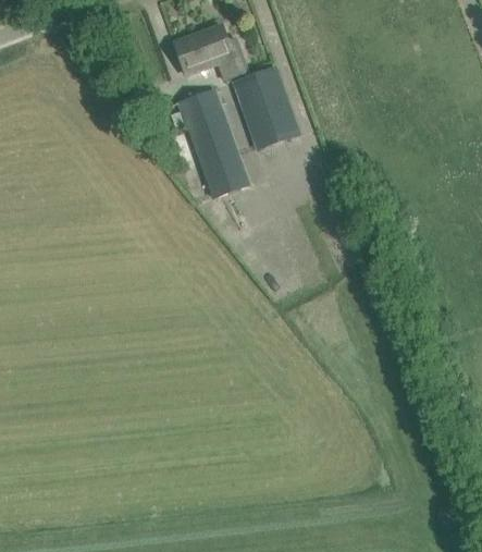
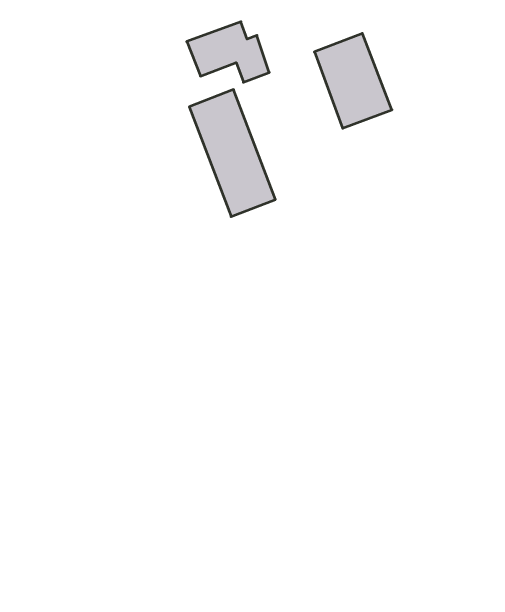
building: [233,65,301,149] -> [314,33,392,128]

